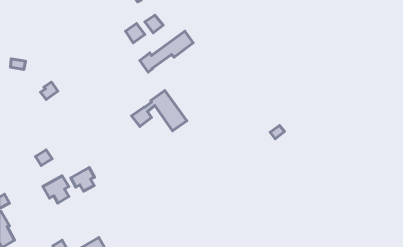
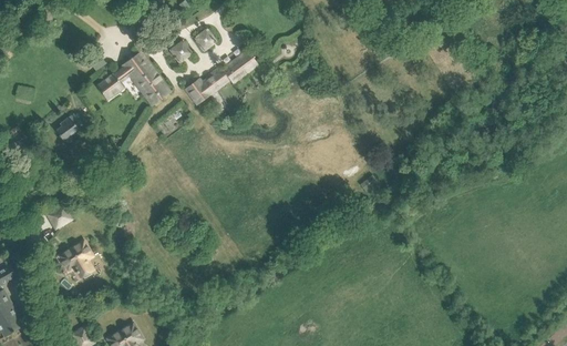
building: [132,91,187,131] -> [95,51,168,104]
building: [71,167,95,191] -> none

